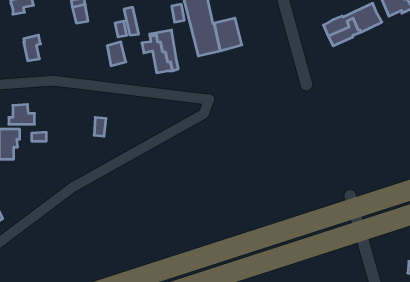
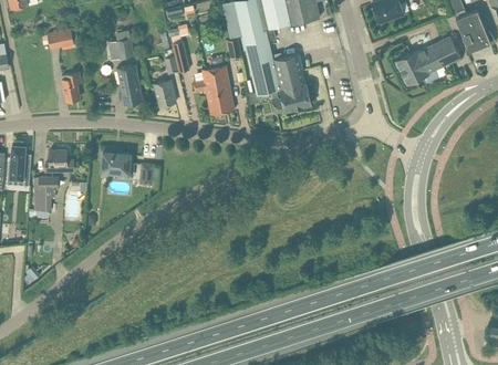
building: none -> [117,65,143,105]
building: none -> [271,84,311,115]
building: none -> [100,149,133,177]

